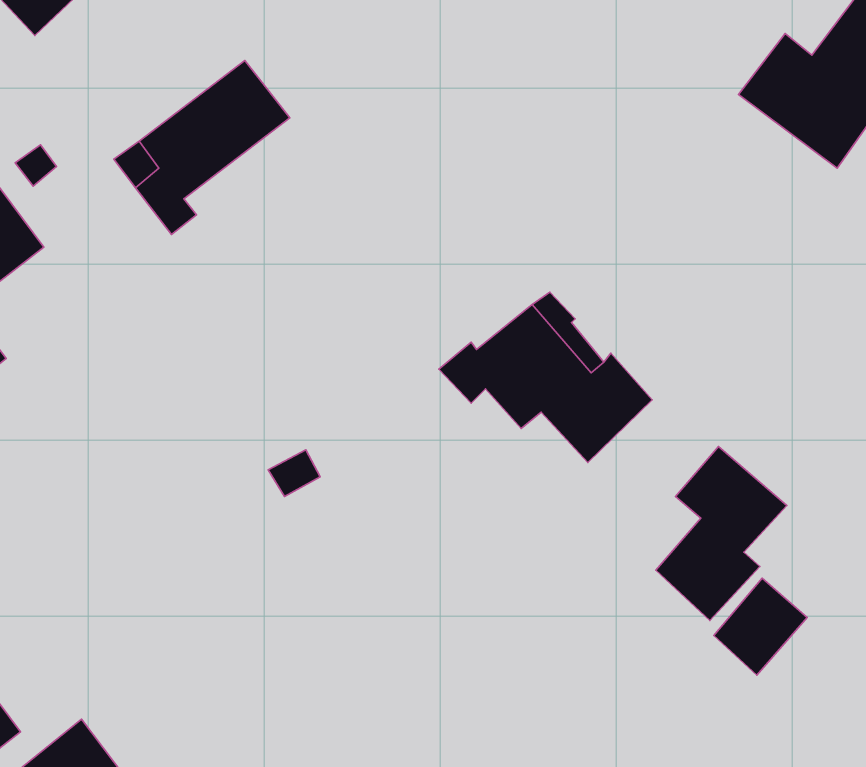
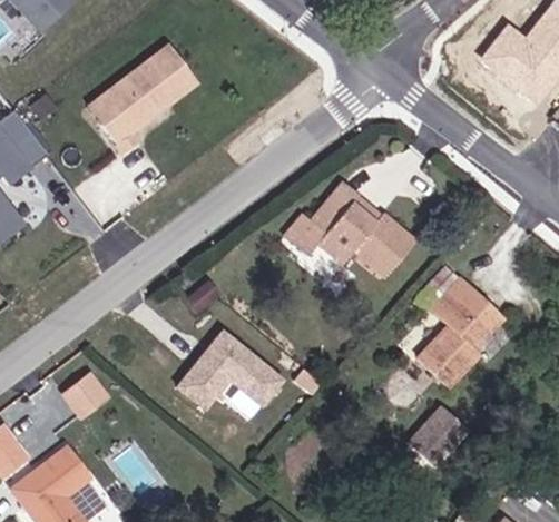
building: none -> [168,333,273,411]
building: [714,578,807,675] -> [415,407,473,467]
building: none -> [65,374,109,416]

